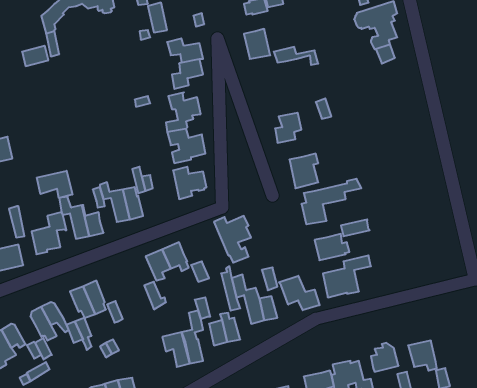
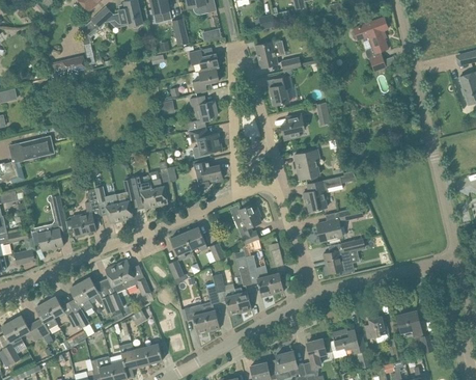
building: none -> [270,70,292,105]
building: [37,171,72,198] -> none
building: [279,276,320,310] -> none

